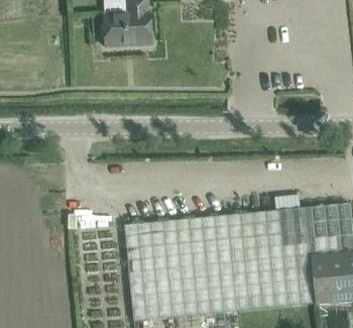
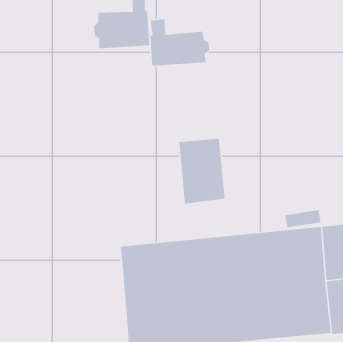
building: none -> [149,18,210,67]
building: none -> [178,138,226,205]

